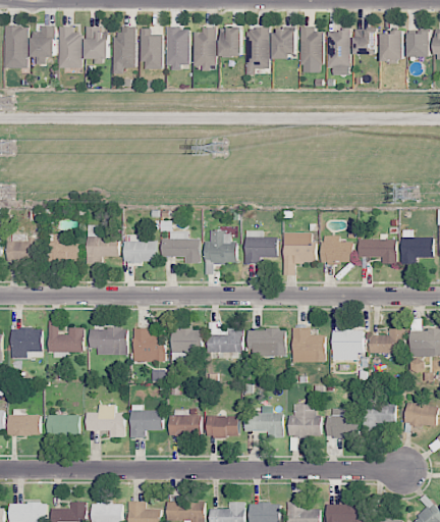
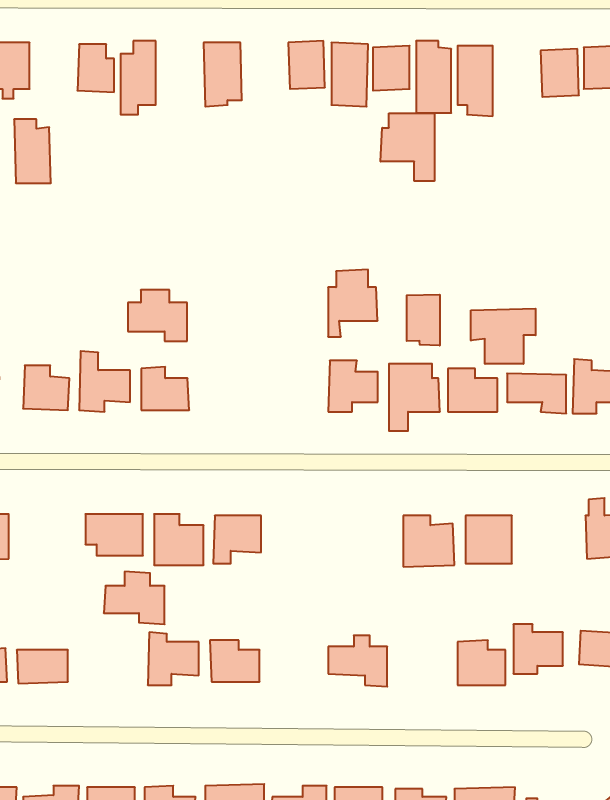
building: [58,27,81,67] -> [14,119,51,183]
building: [140,28,161,69] -> none
building: [193,28,216,68] -> none
building: [353,30,377,54] -> none
building: none -> [381,113,434,181]
building: none -> [407,295,440,346]
building: none -> [471,309,536,364]
building: [161,230,199,263] -> [128,290,187,341]
building: [205,230,236,273] -> [328,270,378,337]
building: [48,320,84,353] -> none
building: [208,322,242,353] -> none
building: [249,328,285,356] -> none
building: [369,328,403,353] -> none
building: [85,404,123,437] -> [104,572,165,624]
building: [288,404,318,436] -> none
building: [206,415,238,437] -> none

